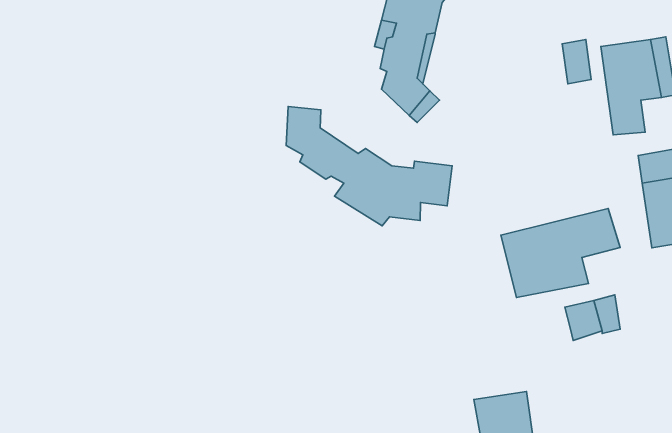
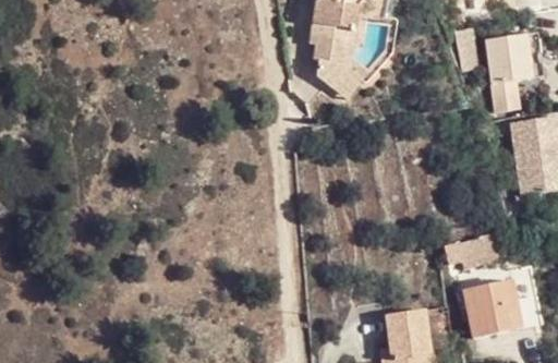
building: [286,107,452,226] -> none
building: [501,208,620,298] -> none
building: none -> [465,279,523,337]

